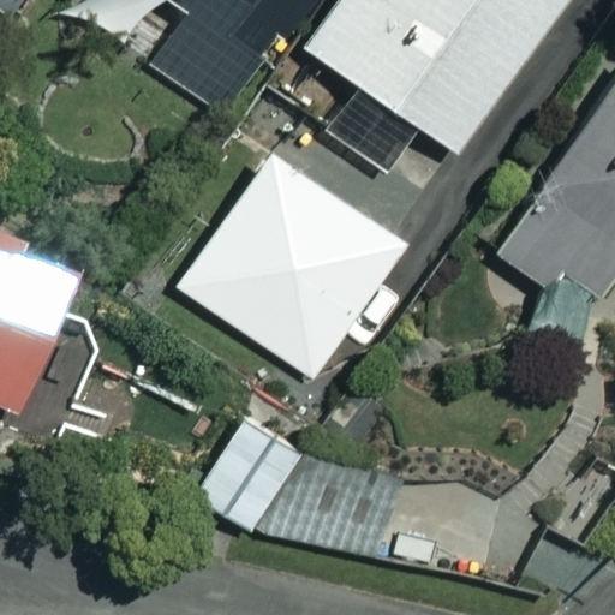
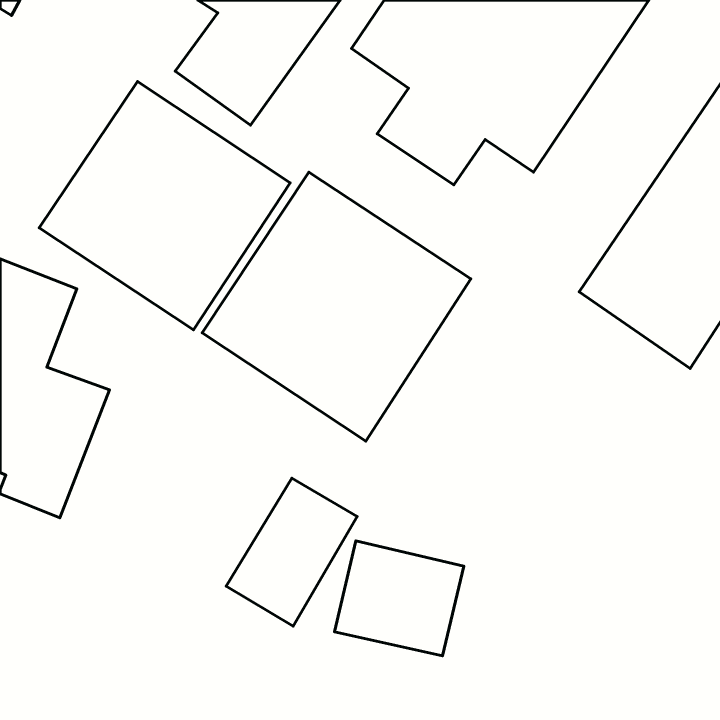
building: none -> [39,82,290,330]

